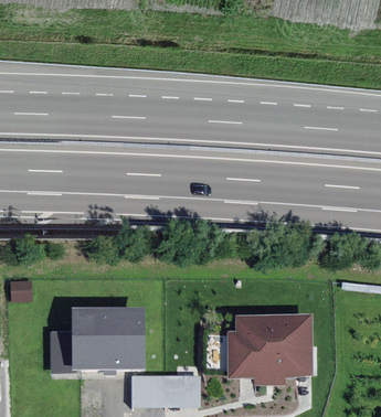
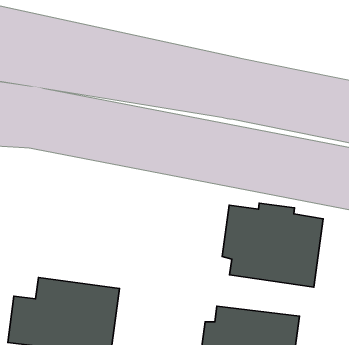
building: none -> [222,203,323,287]

